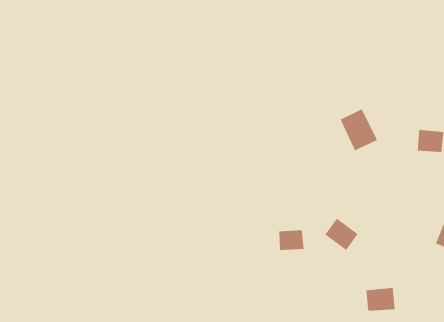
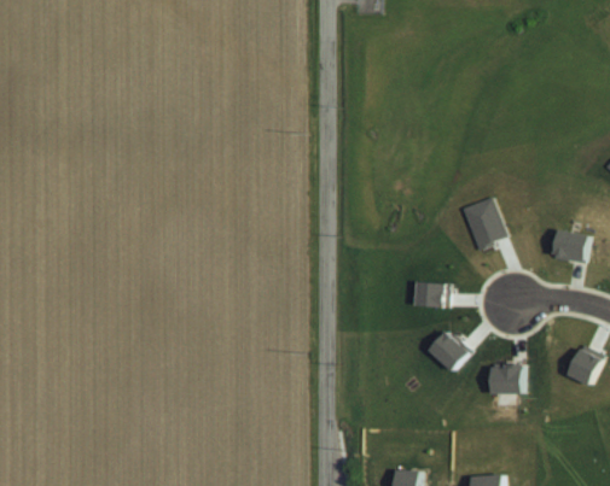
building: [278,230,304,251] -> [414,282,446,308]
building: [366,287,396,311] -> [488,367,523,394]

